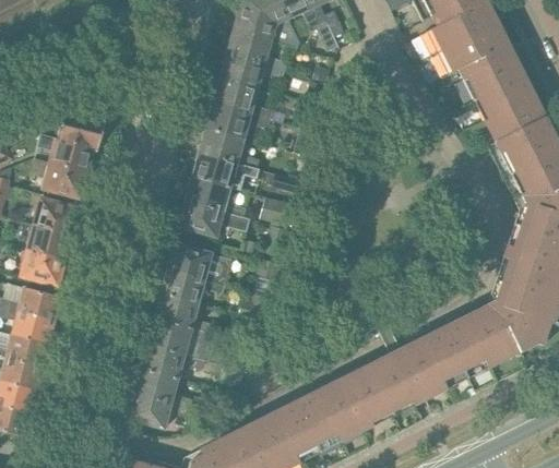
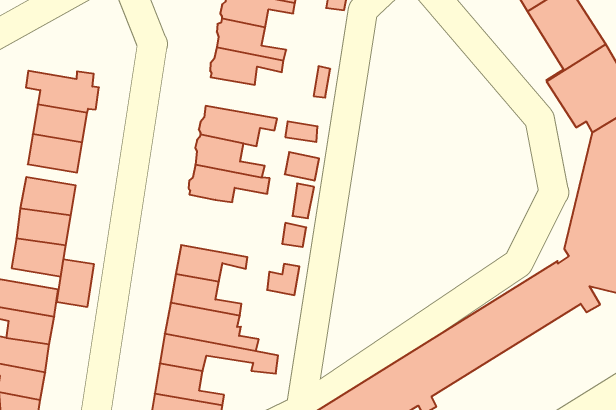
building: [200,128,259,167] -> none
building: [168,243,230,284] -> none
building: none -> [57,259,94,307]

